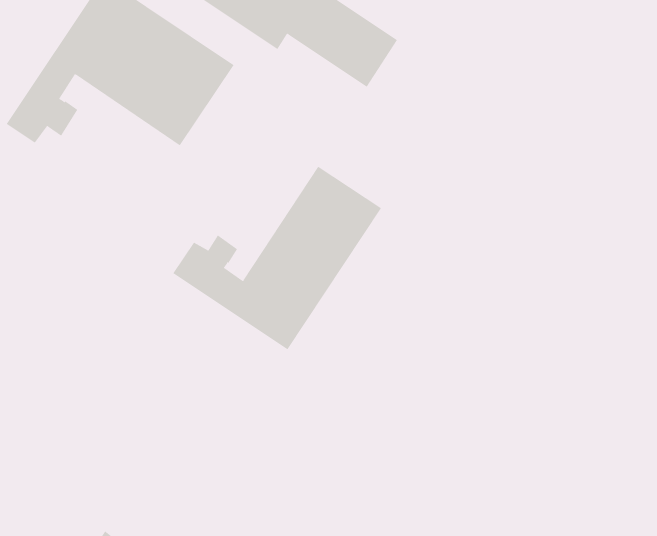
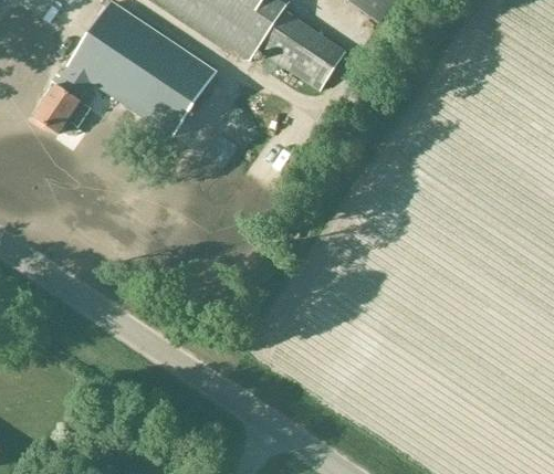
building: [173,166,382,350] -> none

